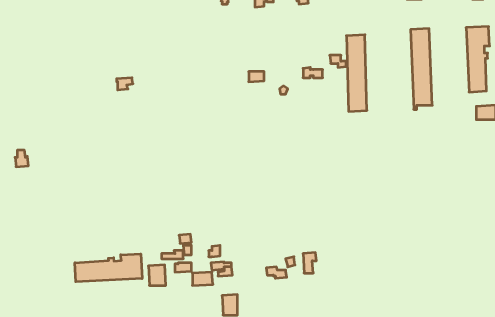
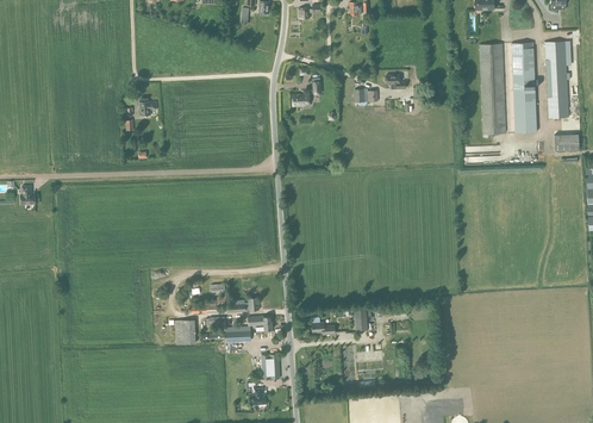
building: [346,35,367,111] -> [512,43,536,132]
building: [75,254,142,282] -> none

